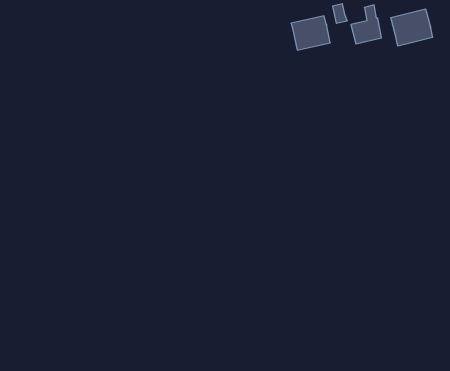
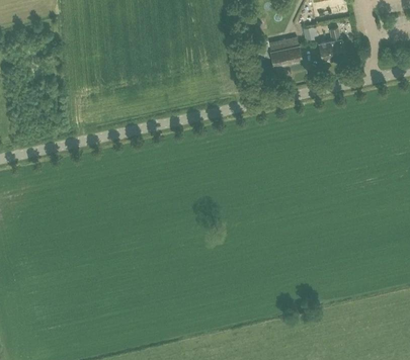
building: [391,9,433,46] -> none

